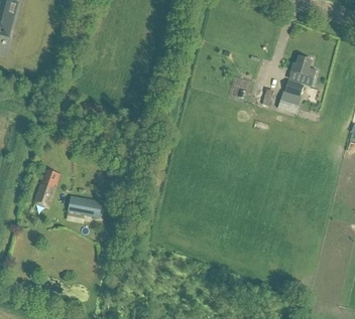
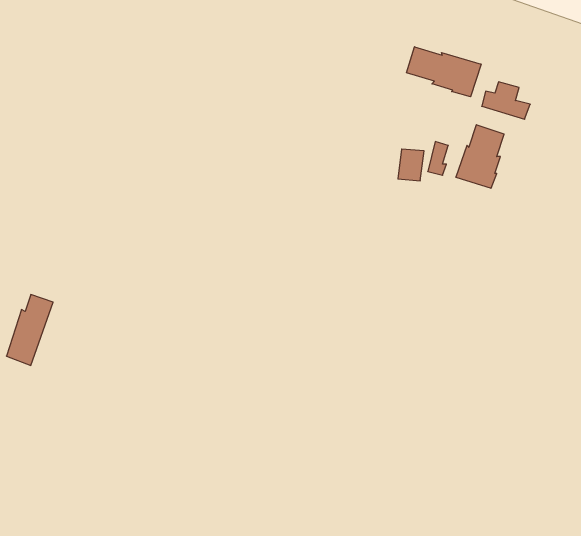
building: none -> [407,47,481,97]
building: [67,195,103,217] -> none

